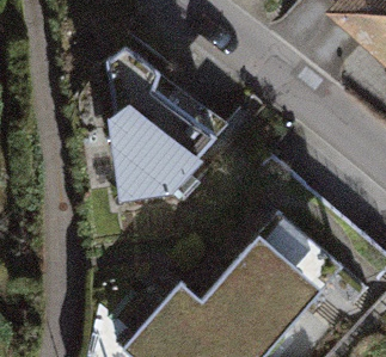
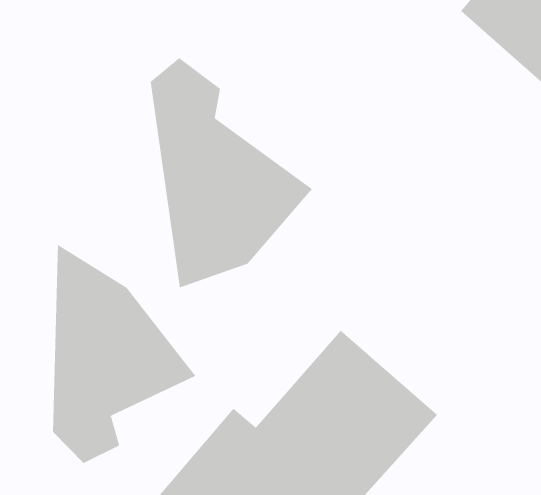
building: none -> [53,244,196,464]

